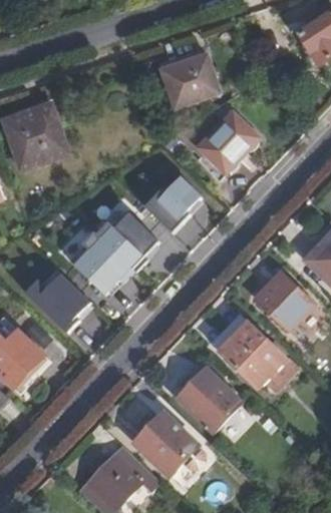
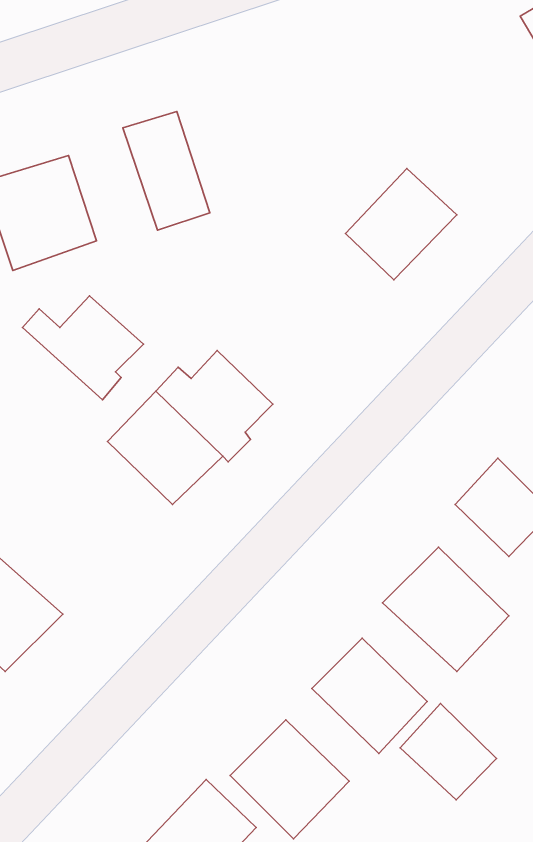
building: [159,57,215,108] -> none
building: none -> [123,111,210,230]
building: [143,179,200,234] -> none
building: [25,278,90,334] -> [23,296,143,400]
building: none -> [400,704,496,800]

